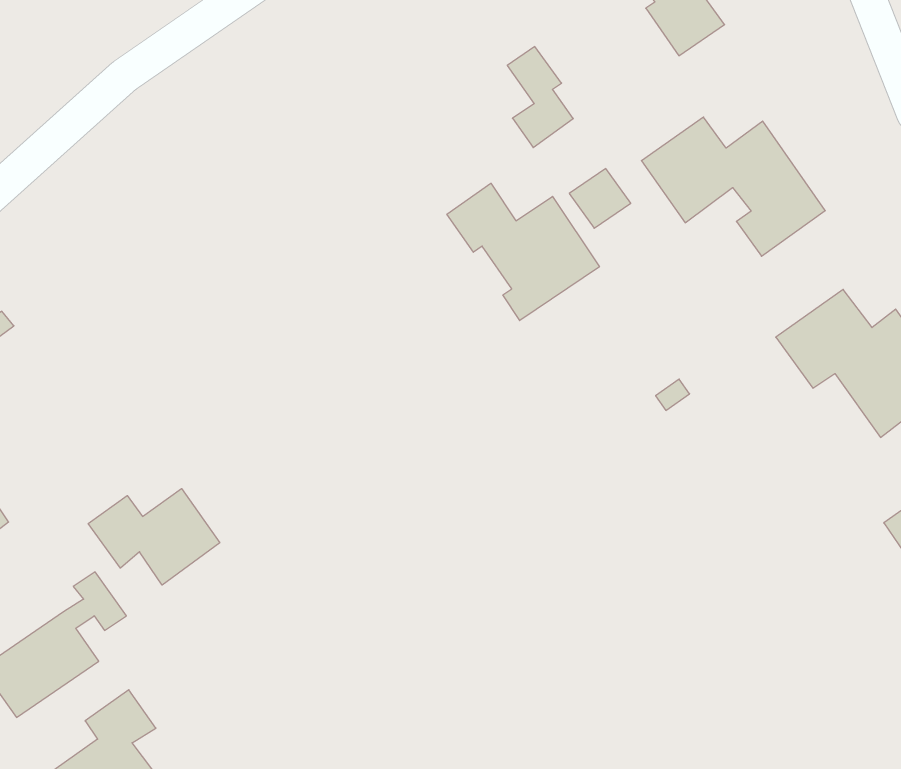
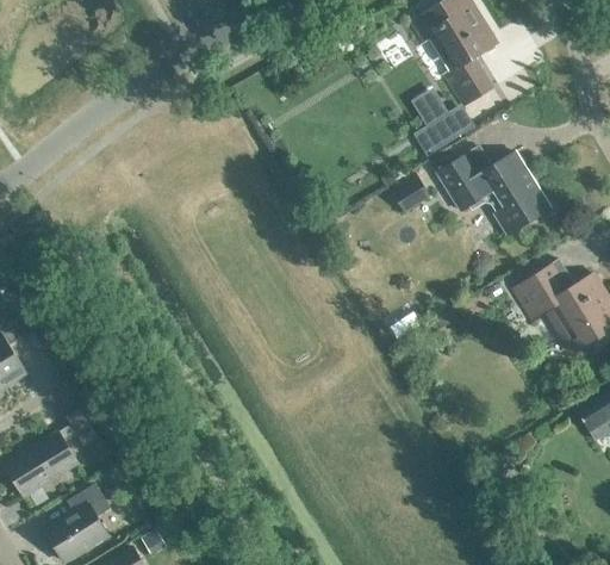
building: [507,47,573,148] -> [416,93,455,156]
building: [447,183,599,321] -> none
building: [88,489,220,585] -> none

